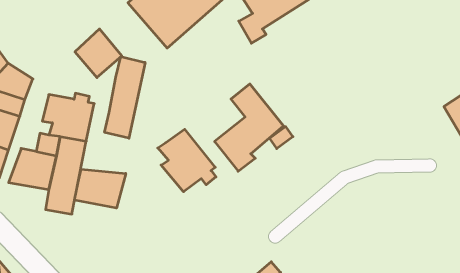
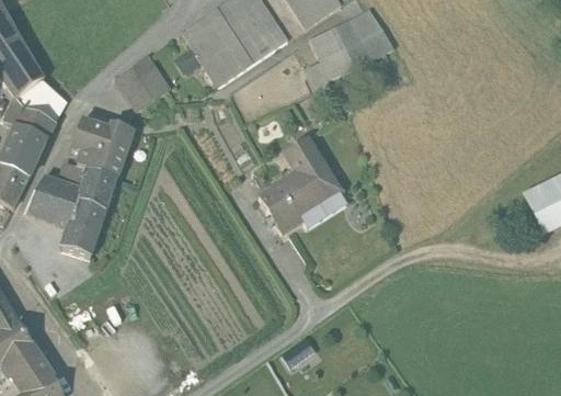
building: [105,57,145,138] -> none
building: [158,129,216,192] -> none
building: [75,169,126,208] -> none

